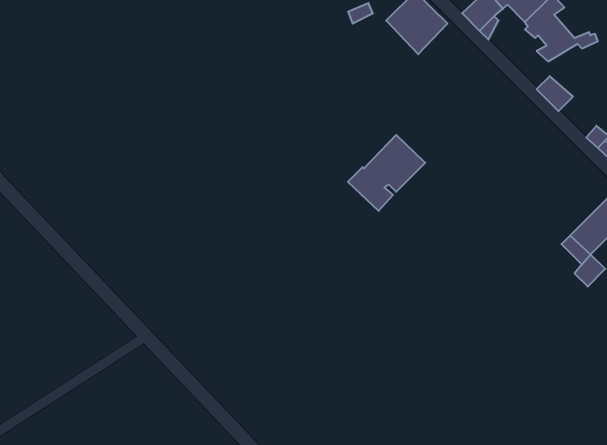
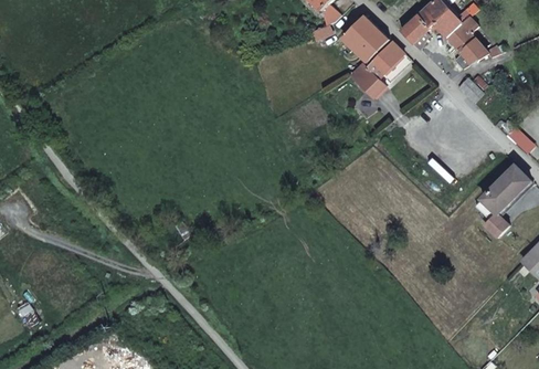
building: [348,135,425,211] -> [355,41,413,98]

